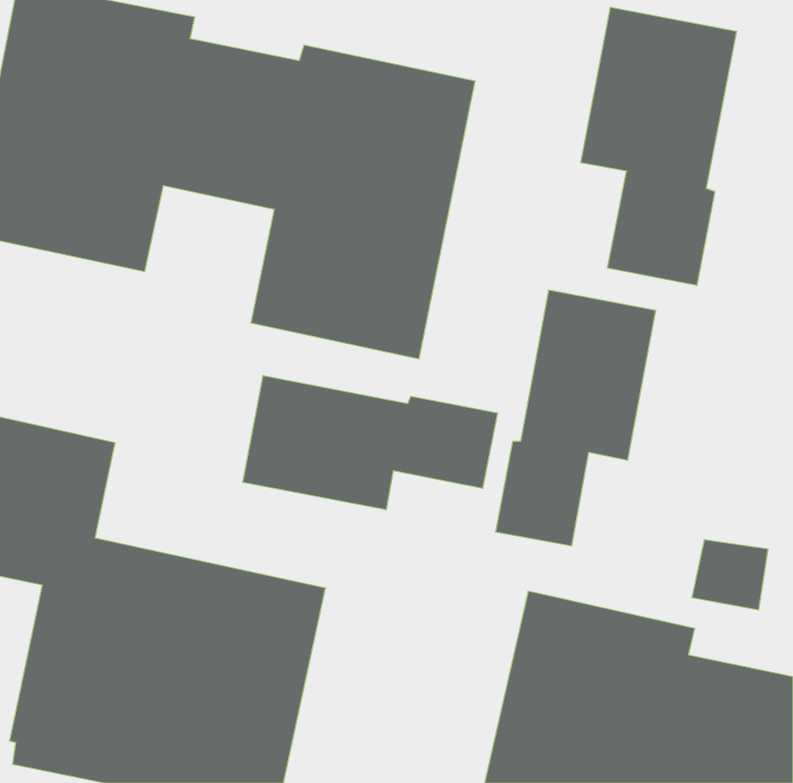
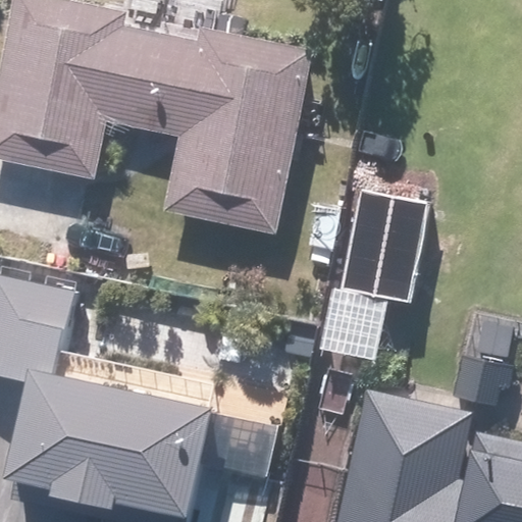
building: [581,7,737,286] -> none
building: [243,375,497,510] -> none

